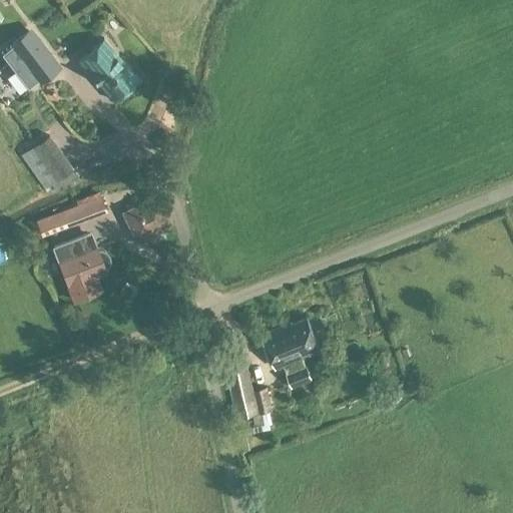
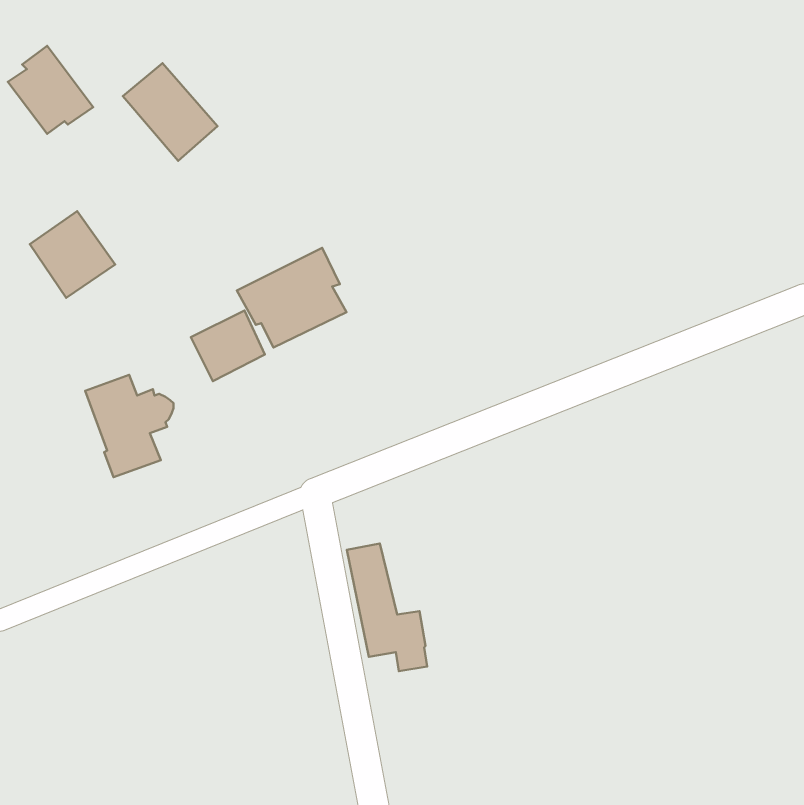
building: none -> [237,248,346,348]
building: [34,197,106,238] -> none
building: [263,318,320,387] -> none

